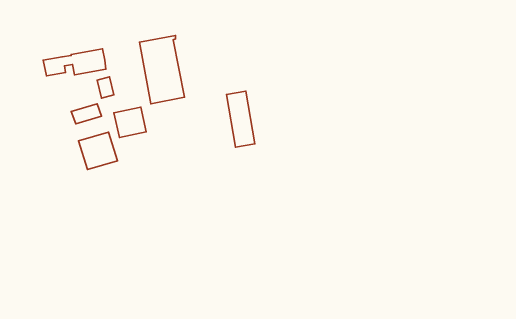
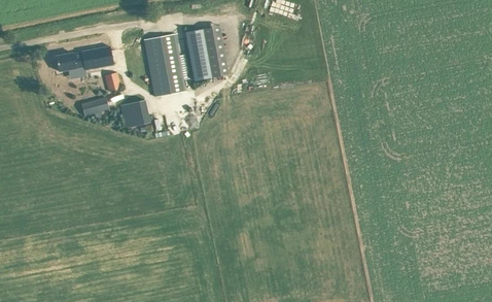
building: [227,91,255,147] -> [185,29,211,80]
building: [79,132,117,169] -> none

